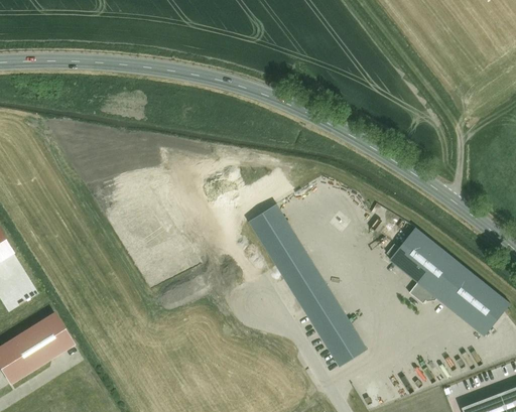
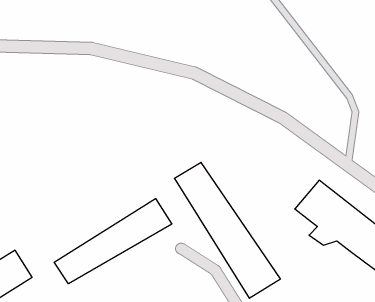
building: none -> [54,199,172,284]

